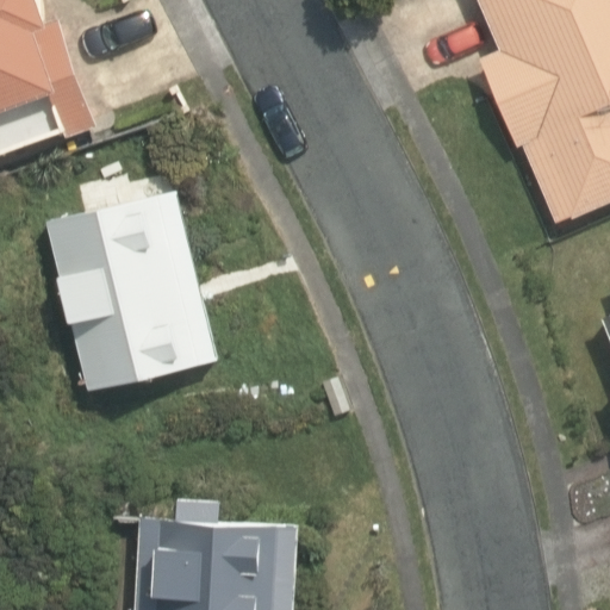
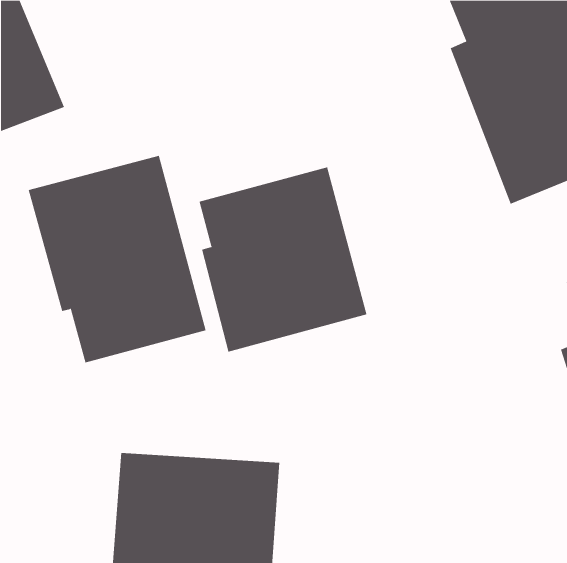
building: none -> [199,167,367,353]

